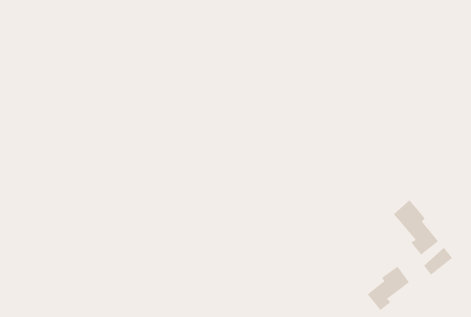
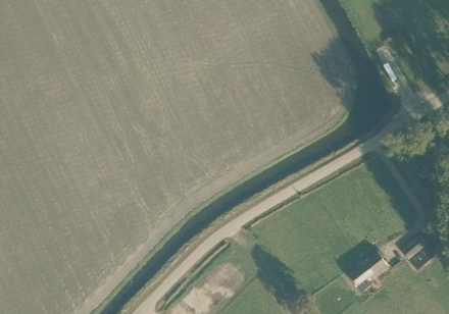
building: [393,200,439,256] -> none

